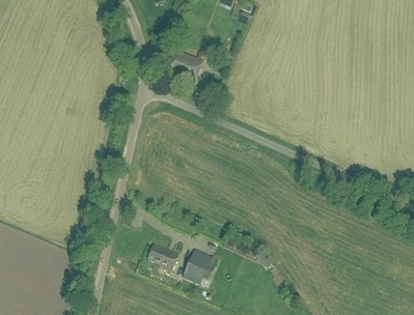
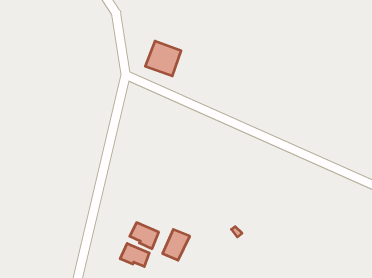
building: none -> [120,243,149,267]

